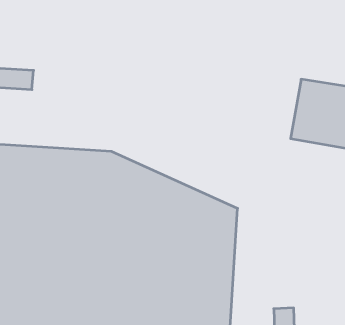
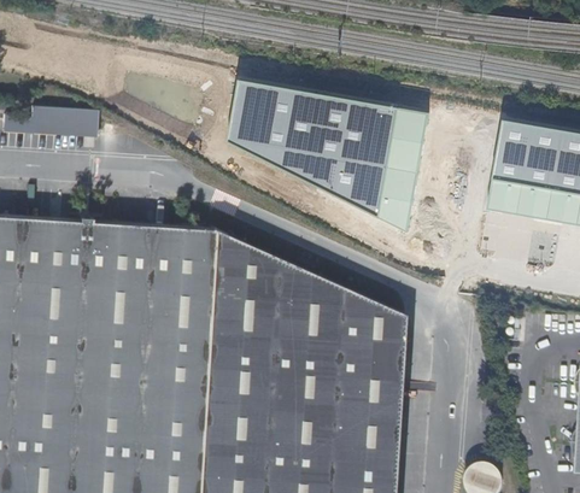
building: none -> [225,81,428,234]

